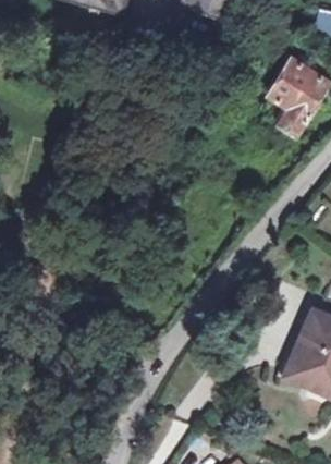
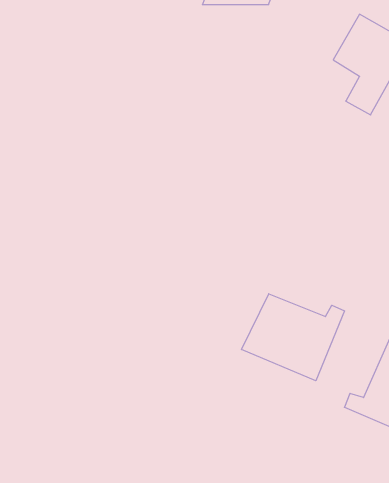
building: none -> [242,294,345,381]

